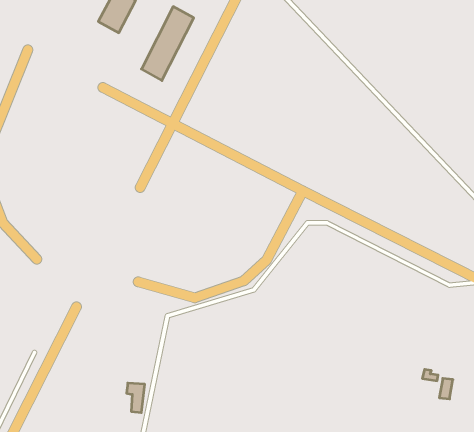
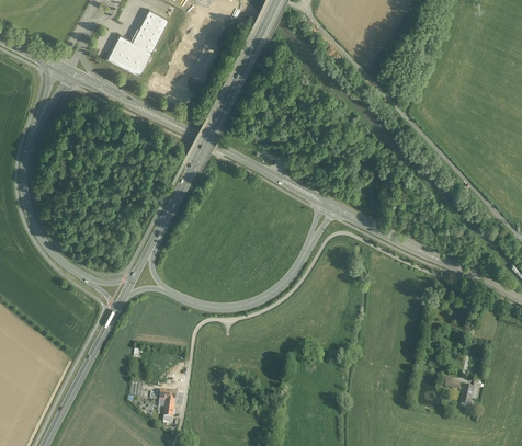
building: none -> [106,34,150,75]

